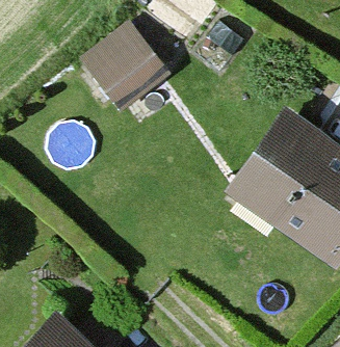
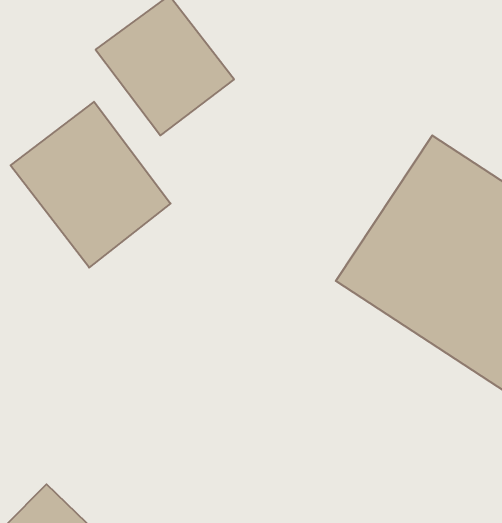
building: none -> [11,102,171,268]

